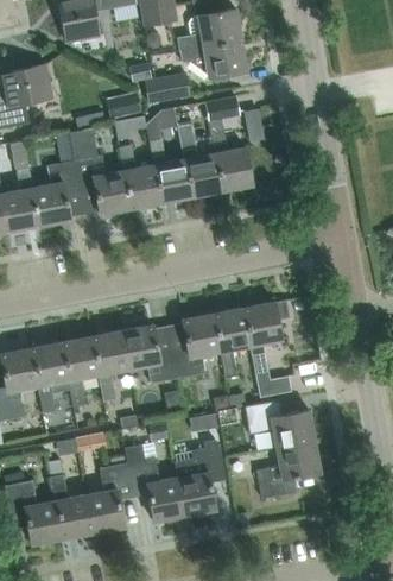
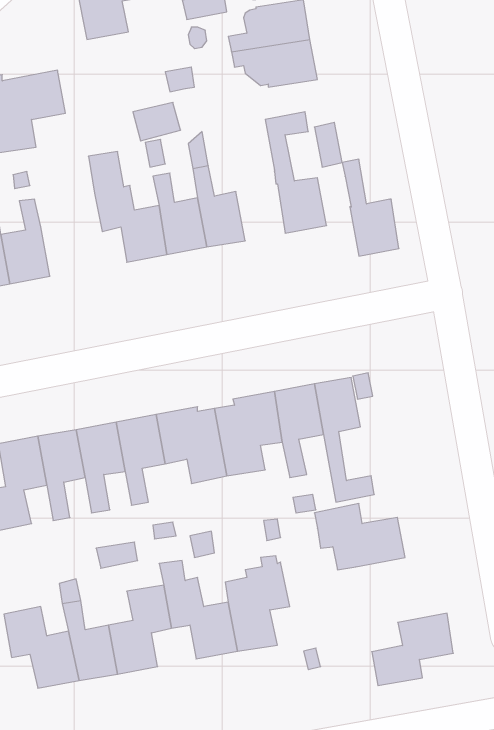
building: [145,76,189,101] -> none
building: [178,122,222,197] -> [342,159,399,256]
building: [33,160,81,225] -> none
building: [256,442,319,498] -> [372,613,453,686]

